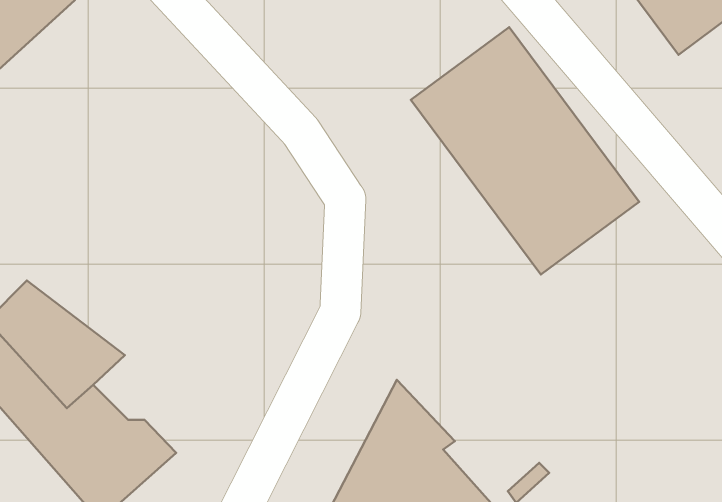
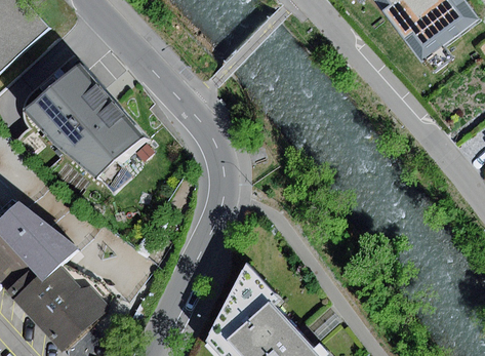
building: [411,27,639,275] -> none
building: none -> [31,69,149,180]

